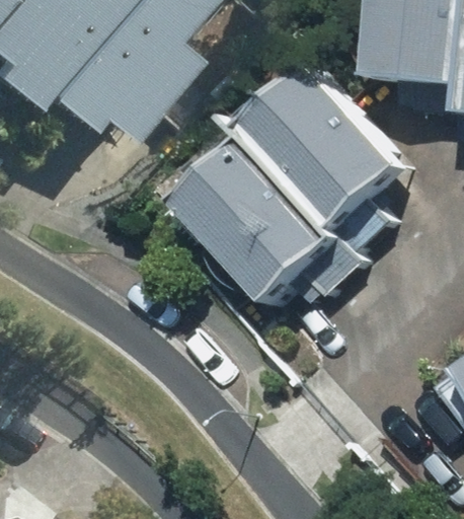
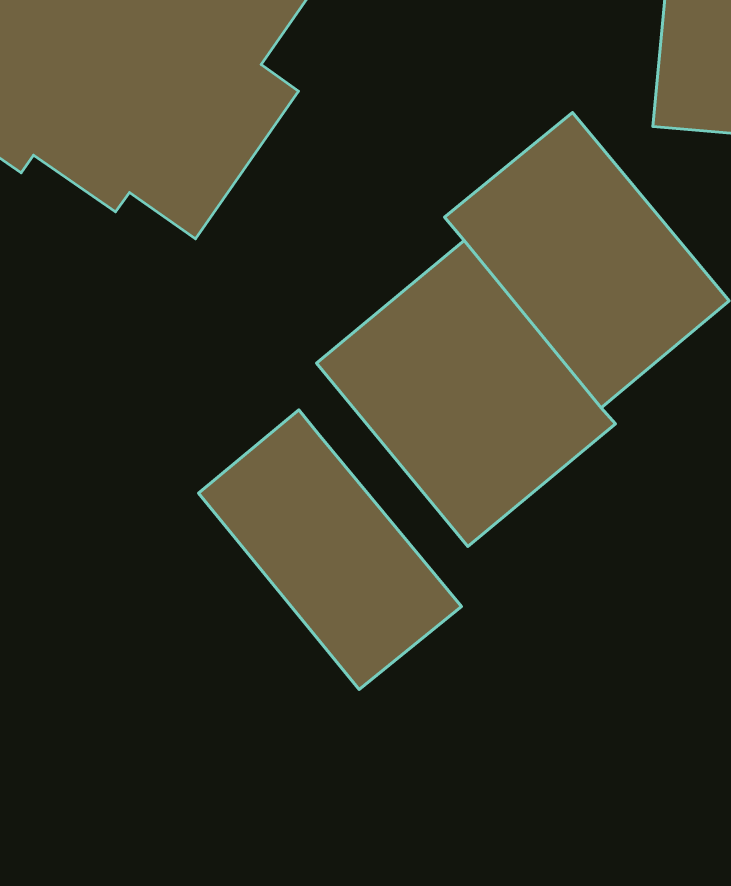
building: none -> [198,410,461,689]

